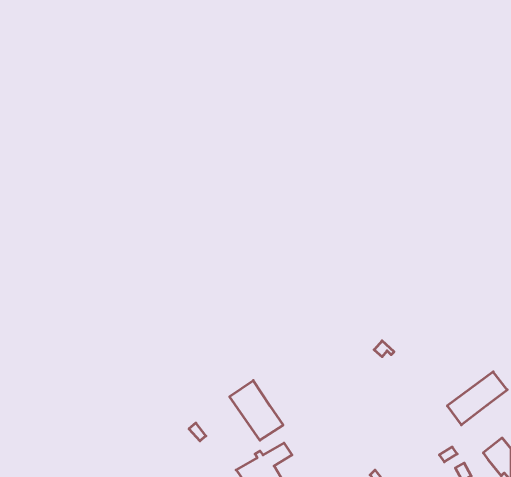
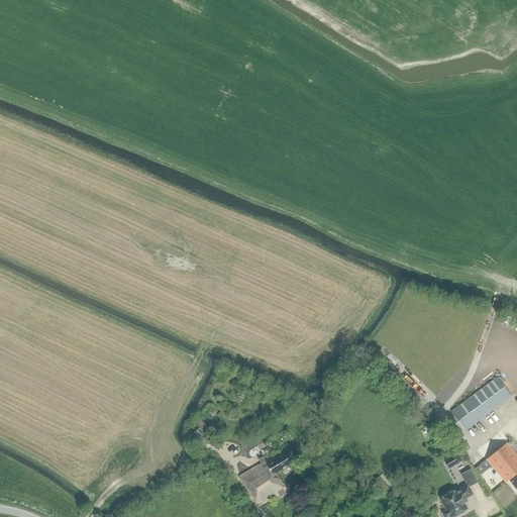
building: [230,380,283,440] -> none

